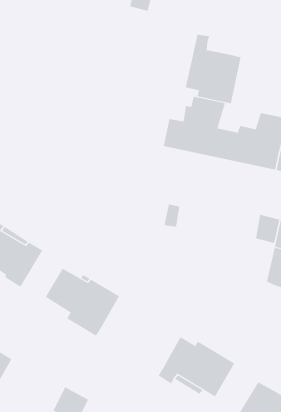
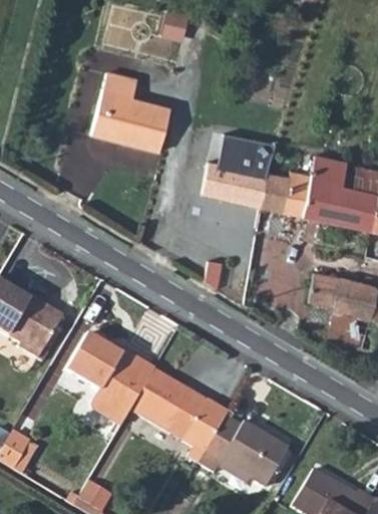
building: [185,34,241,104] -> none
building: none -> [93,73,170,153]
building: none -> [130,368,227,461]

